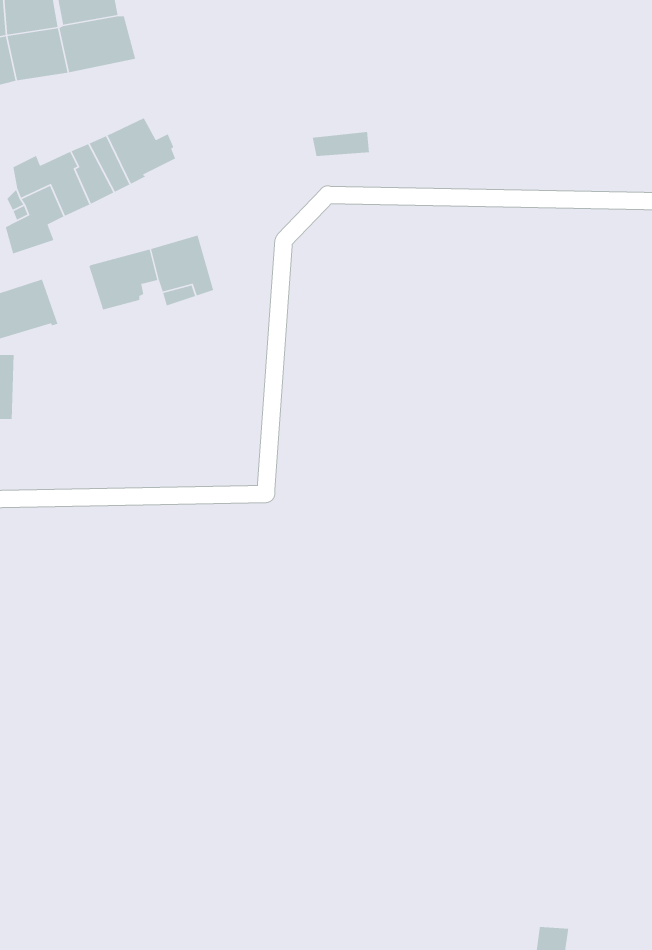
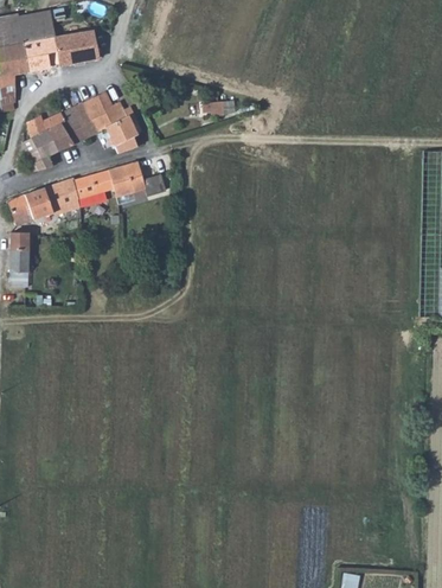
building: none -> [107,106,139,153]
building: none -> [46,178,82,215]

